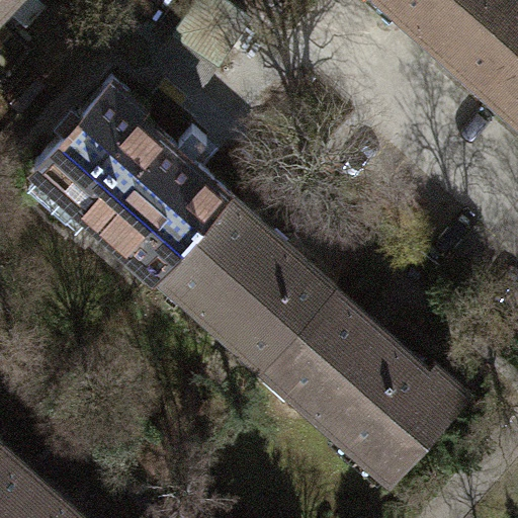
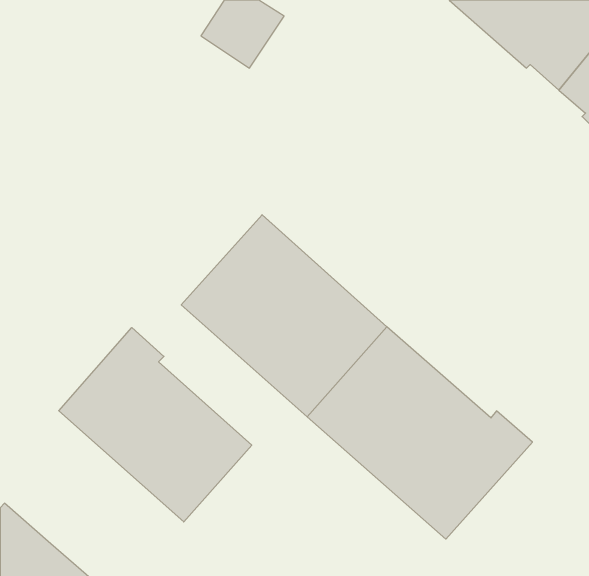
building: [36,84,232,280] -> none
building: none -> [59,328,252,522]

